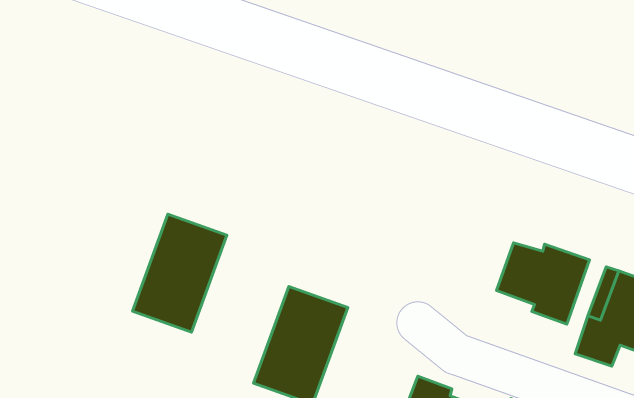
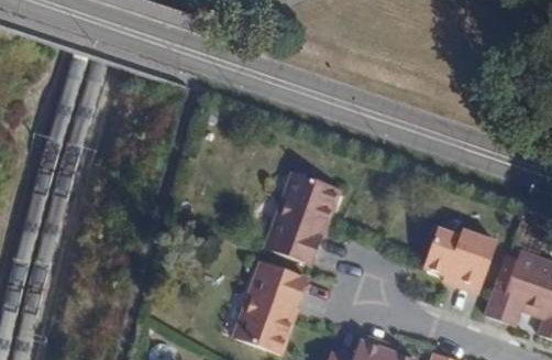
building: [133,214,227,332] -> [265,173,339,265]

